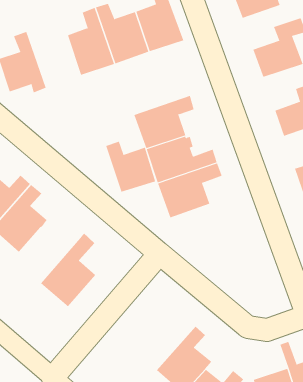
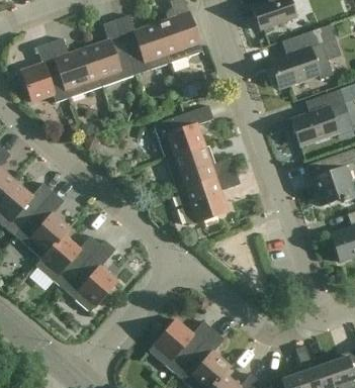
building: none -> [50,38,102,98]
building: [106,141,156,192] -> none
building: none -> [35,234,101,289]
building: none -> [149,319,214,374]

